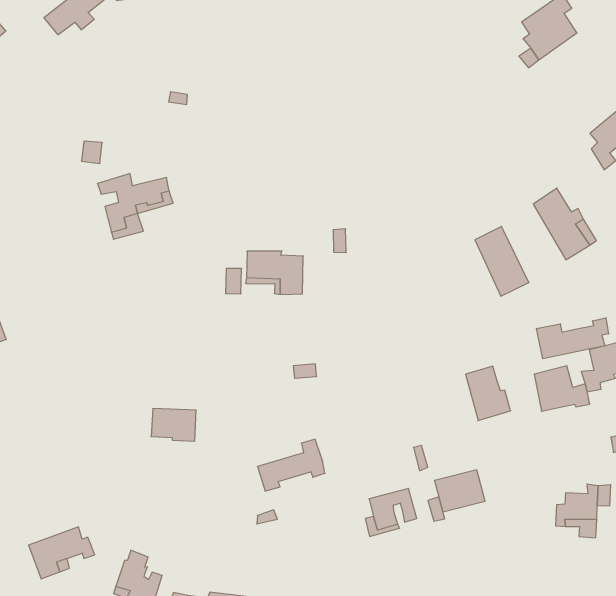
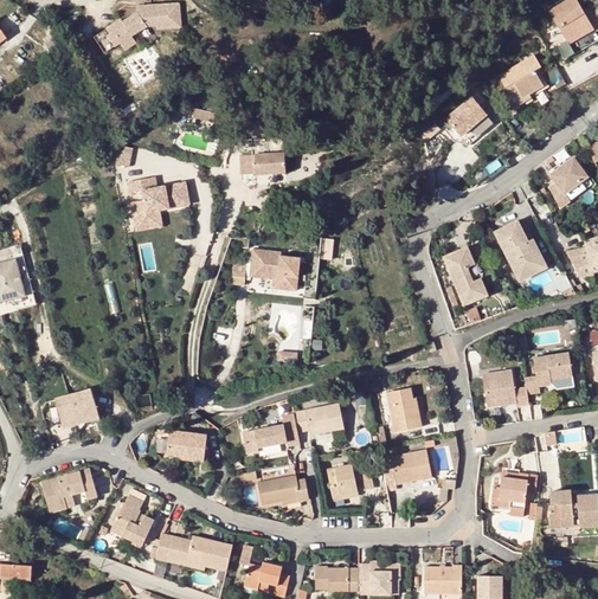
building: none -> [446,94,489,134]
building: none -> [239,152,285,174]
building: [537,318,609,359] -> none
building: [466,366,511,421] -> [388,387,424,432]
building: [151,409,196,441] -> [167,429,207,459]
building: none -> [292,402,342,434]
building: none -> [53,388,98,426]
building: none -> [255,476,306,504]

